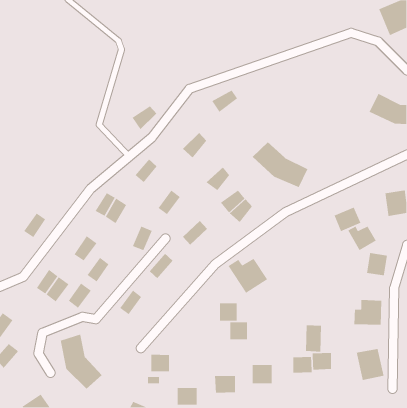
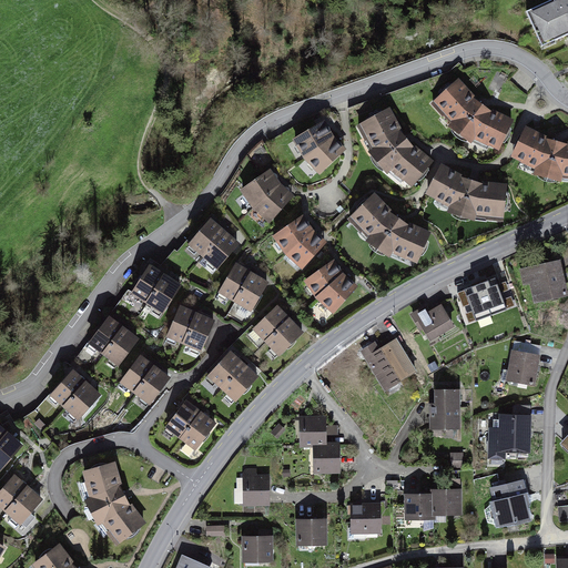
building: none -> [432,79,510,150]
building: none -> [359,110,429,183]
building: none -> [304,136,339,171]
building: [131,105,157,130] -> [241,172,276,206]
building: none -> [425,166,505,219]
building: none -> [273,219,310,253]
building: none -> [200,231,233,265]
building: none -> [232,273,266,310]
building: [23,213,46,238] -> [88,317,120,353]
building: none -> [169,307,195,342]
building: [347,226,377,251] -> [417,306,458,342]
building: none -> [264,317,302,354]
building: [227,258,268,294] -> [361,342,417,392]
building: none -> [219,362,255,399]
building: [68,282,92,309] -> [134,366,168,403]
building: none -> [179,412,213,448]
building: [305,324,322,352] -> [437,389,460,428]
building: none -> [6,487,39,523]
building: [151,354,170,372] -> [247,477,274,503]

